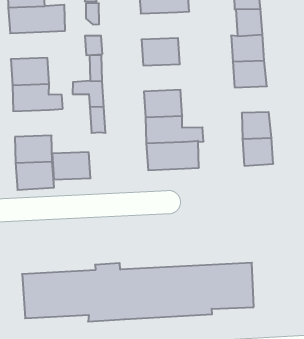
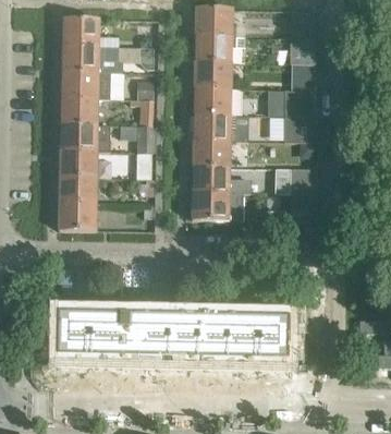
building: none -> [194,56,232,83]
building: none -> [61,67,110,94]
building: none -> [193,108,248,136]
building: [52,152,91,179] -> [60,145,97,172]

